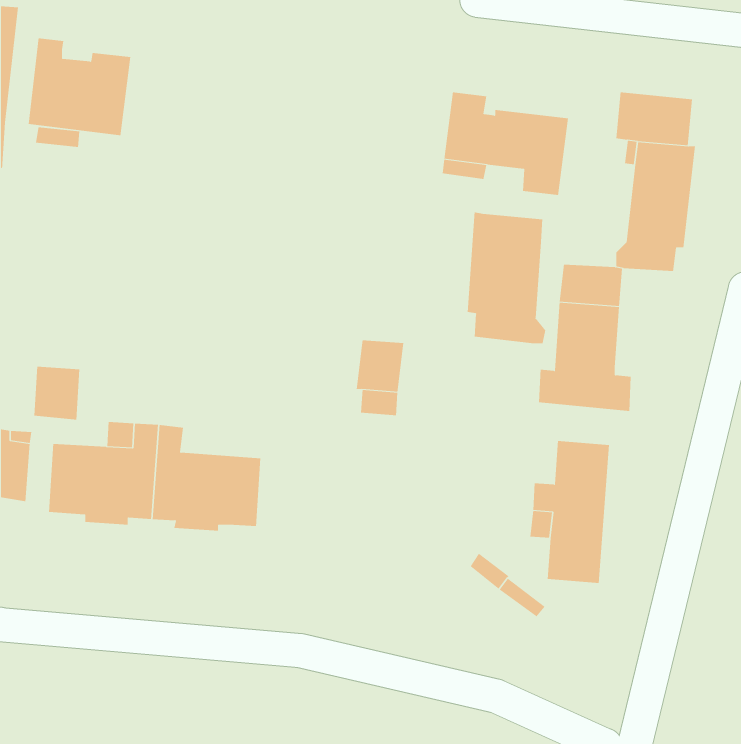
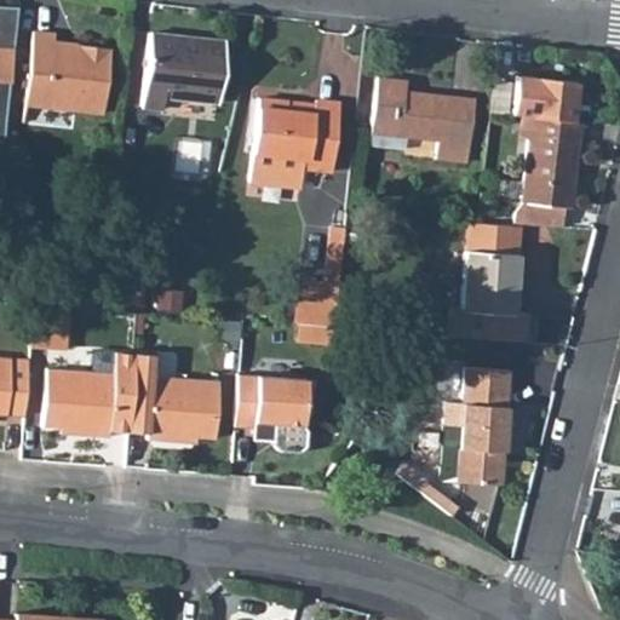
building: none -> [143,33,226,109]
building: none -> [251,98,341,188]
building: [467,212,546,344] -> none
building: none -> [236,375,309,453]

